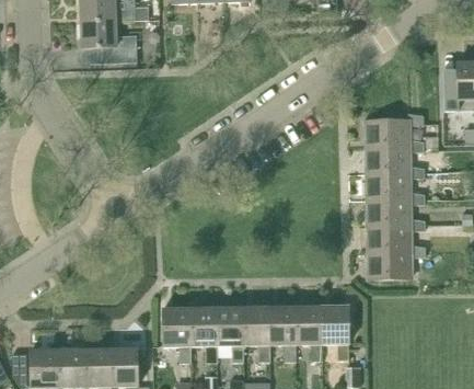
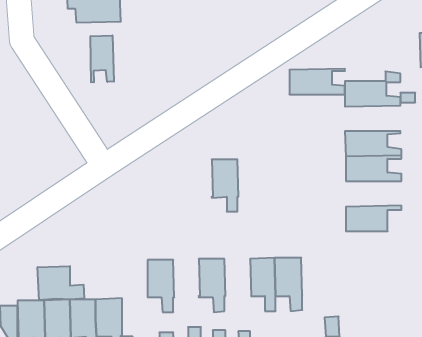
building: none -> [91,35,114,82]
building: [366,149,423,175] -> [289,69,345,94]
building: [367,227,424,253] -> none
building: [321,306,349,359] -> none
building: [189,307,217,362] -> none
building: [242,307,269,361] -> [212,159,238,212]
building: none -> [38,266,84,300]

